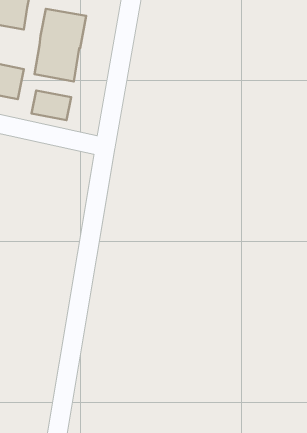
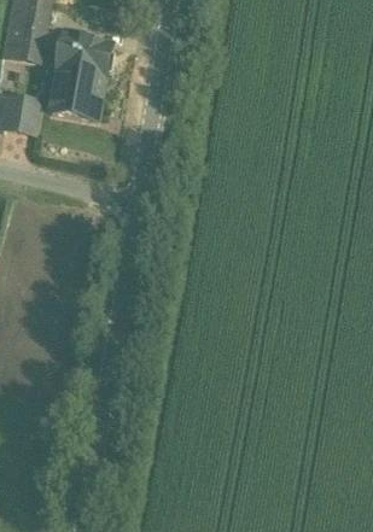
building: [32,90,71,120] -> none

